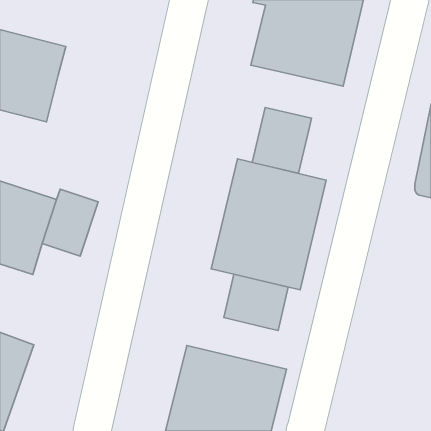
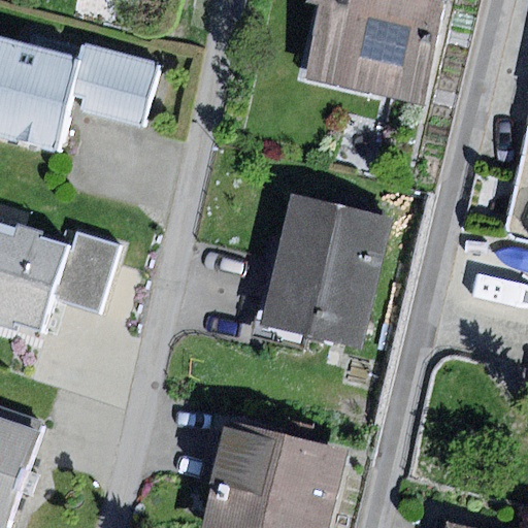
building: none -> [71,44,157,127]
building: [252,107,311,173] -> none
building: [224,274,288,330] -> none

